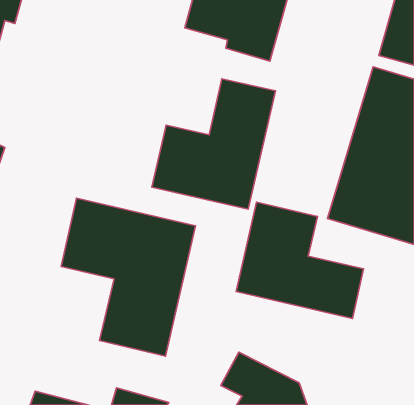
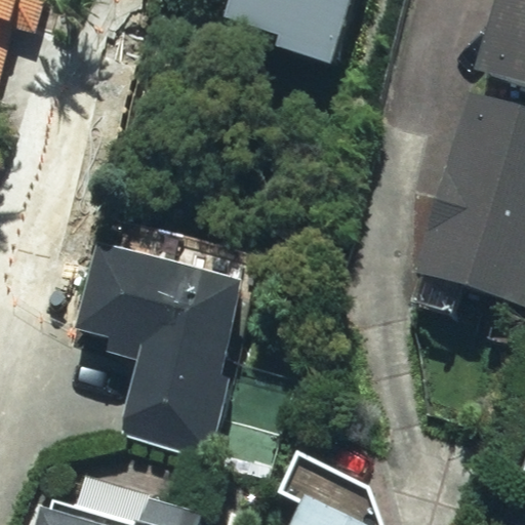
building: [152,79,275,209] -> none
building: [236,202,364,318] -> none

